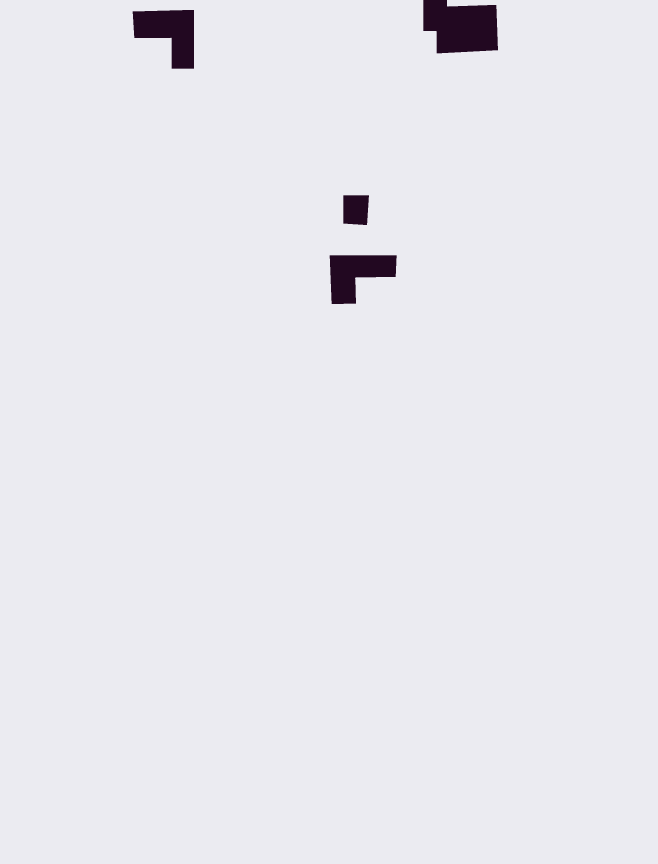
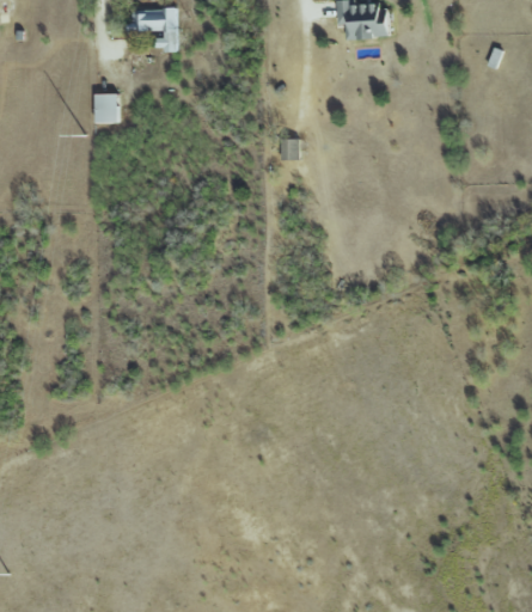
building: none -> [94,93,118,123]
building: [329,254,397,305] -> none

